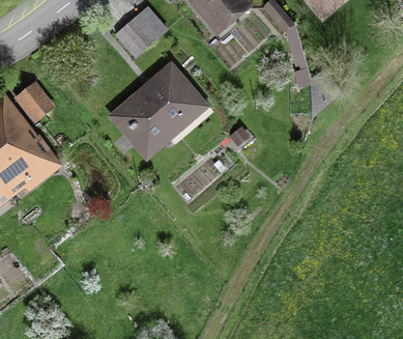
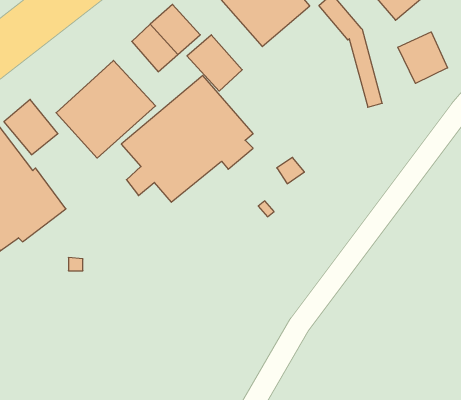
building: none -> [398,32,448,83]
building: none -> [187,35,242,91]
building: none -> [56,60,156,158]

